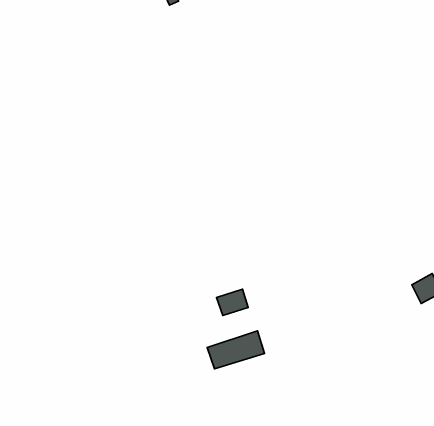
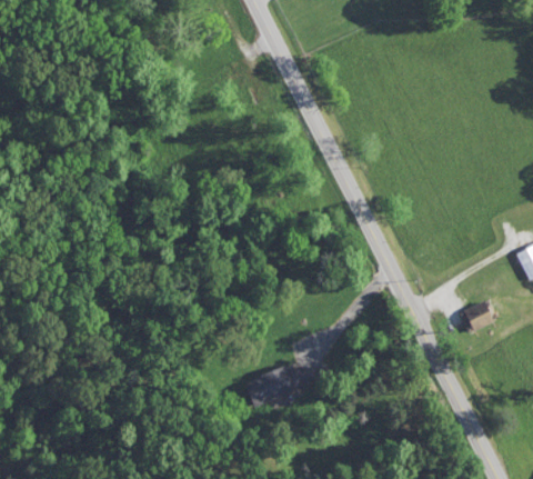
building: [217,289,248,315] -> none

